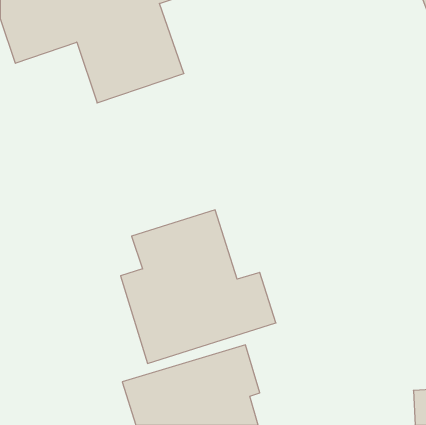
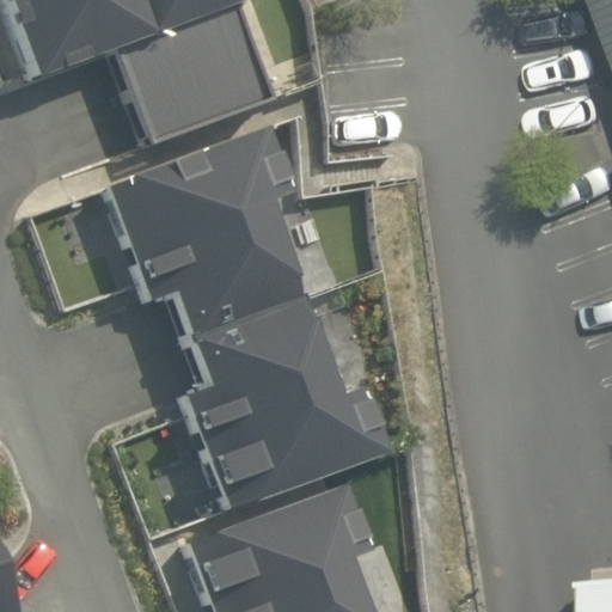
building: none -> [92,126,312,335]

